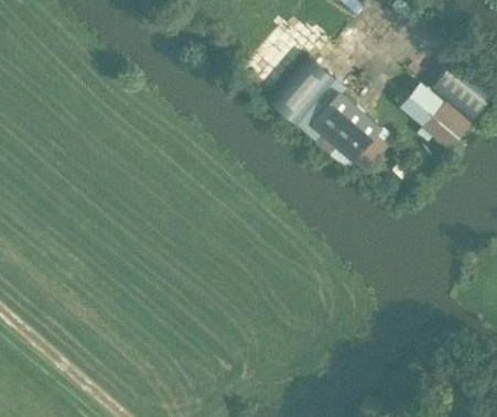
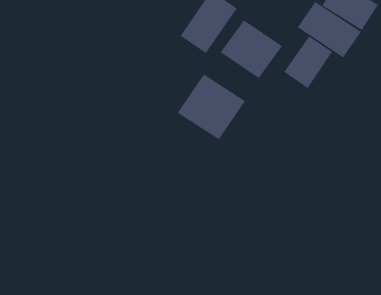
building: none -> [283,35,333,88]
building: none -> [177,73,246,140]

